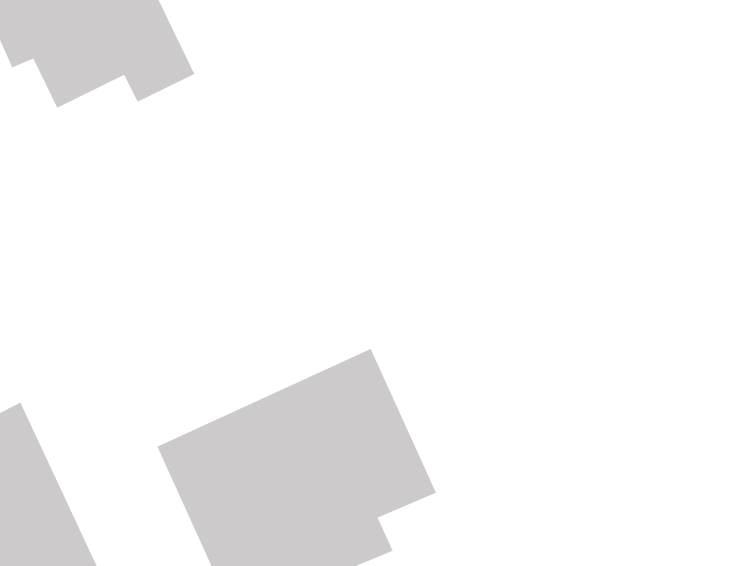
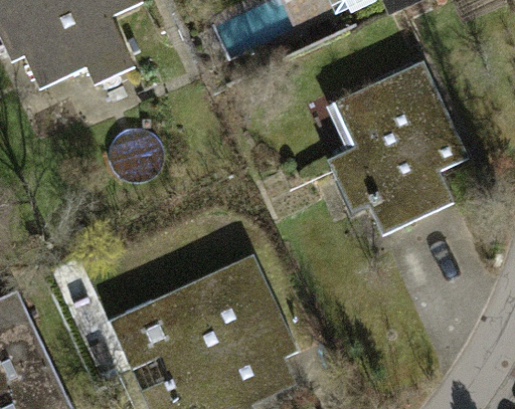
building: none -> [327,62,465,236]

